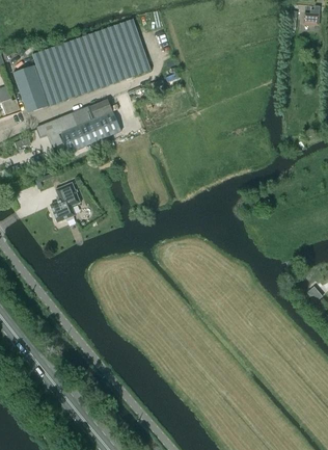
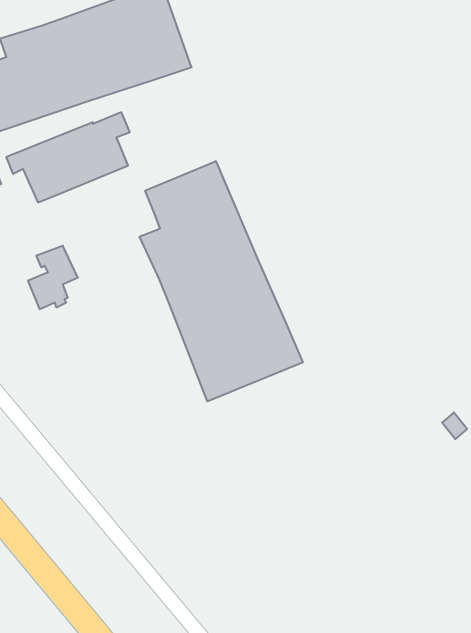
building: none -> [140,161,303,401]

